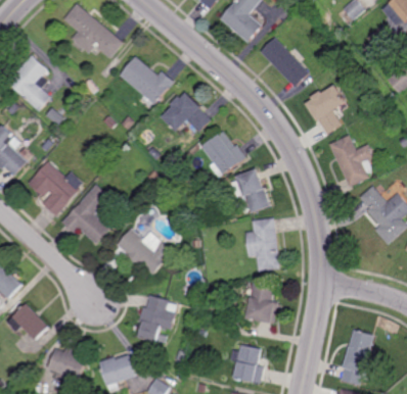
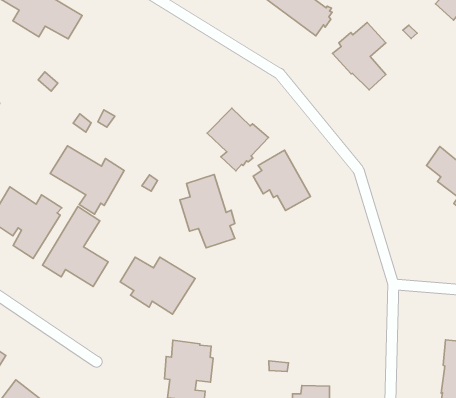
building: [120,56,175,110] -> [50,146,124,214]
building: [162,92,211,132] -> none
building: [329,135,374,187] -> none
building: [244,218,282,272] -> [180,175,235,248]
building: [245,283,277,326] -> none

